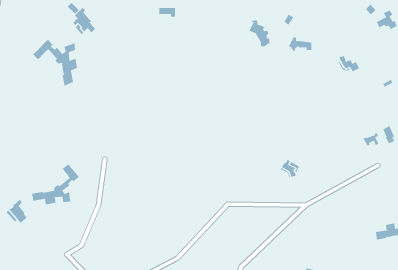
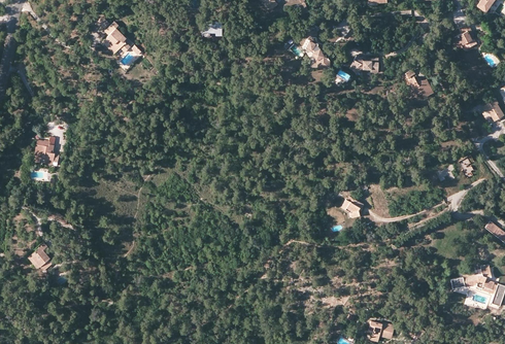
building: [33,39,78,86] -> none
building: none -> [35,136,59,165]
building: [31,163,80,205] -> none

